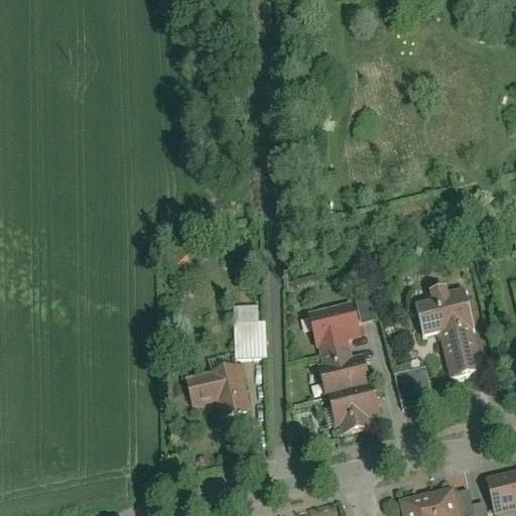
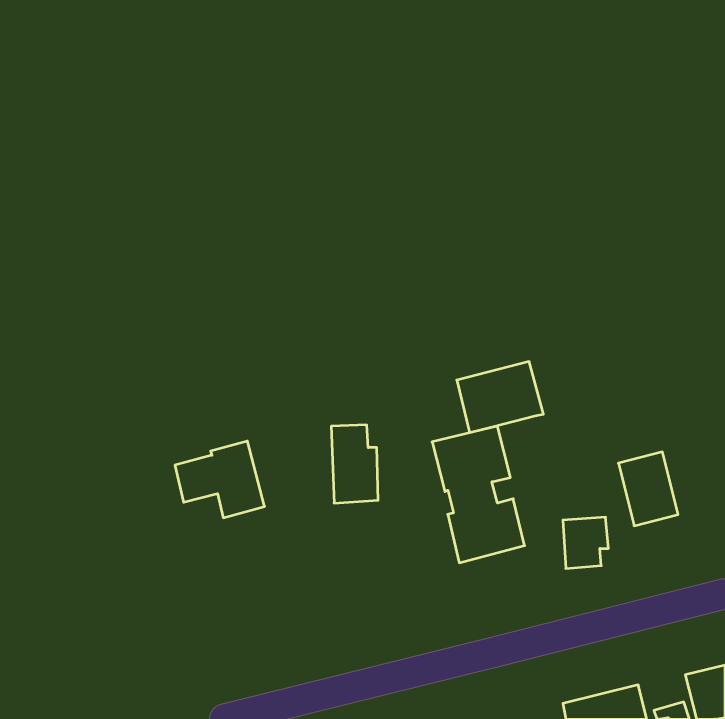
building: [413,282,475,333] -> [457,362,543,433]
building: [185,365,249,419] -> [175,441,265,518]
building: [330,391,380,435] -> none

